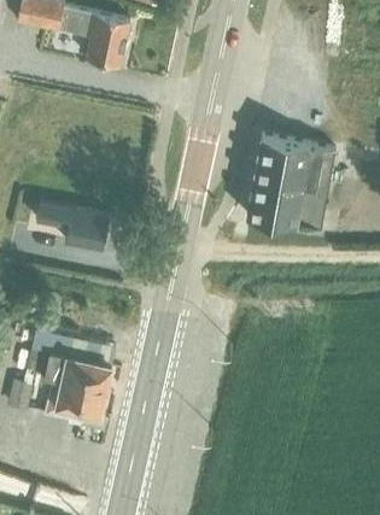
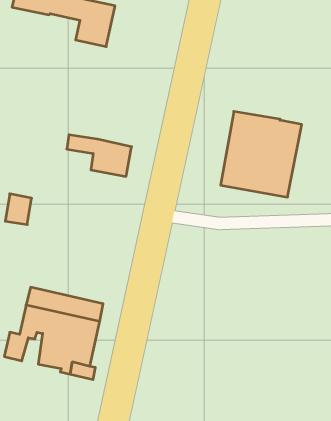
building: [37,203,109,248] -> [67,135,132,176]

